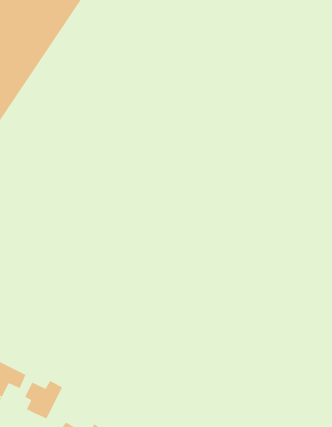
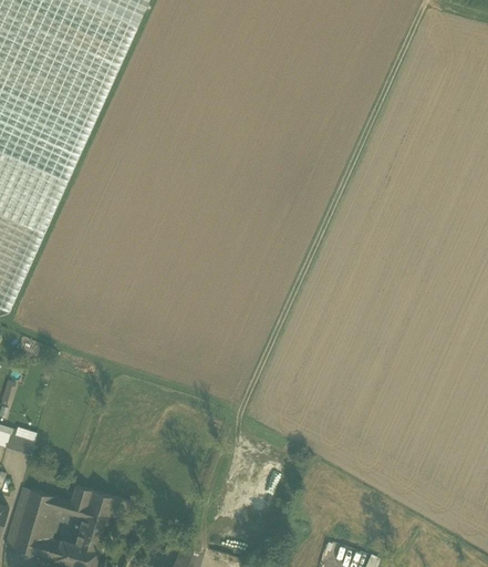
building: [24,380,63,420] -> none

